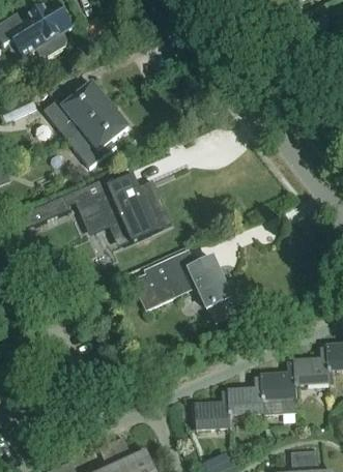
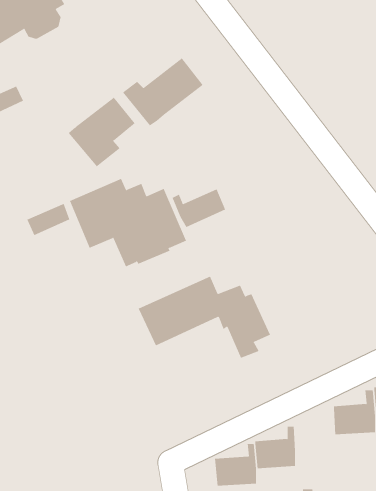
building: [42,81,110,138] -> [122,57,203,126]
building: none -> [172,189,226,228]
building: [259,361,294,413] -> none

